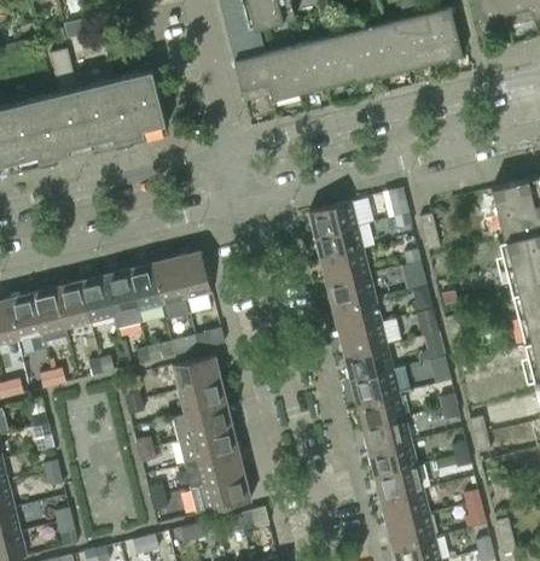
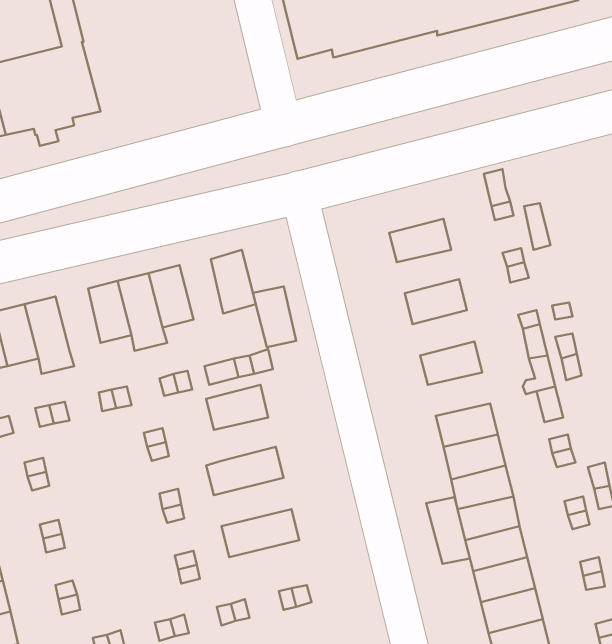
building: [76,70,166,152] -> none
building: [309,201,358,238] -> none
building: [321,251,370,285] -> none
building: [152,258,186,305] -> [253,287,296,347]
building: [56,281,91,329] -> none
building: [333,298,382,333] -> none
building: [346,346,394,380] -> none
building: [179,381,227,415] -> none
building: [179,428,239,466] -> none
building: none -> [426,497,470,564]
building: [191,477,251,514] -> none

